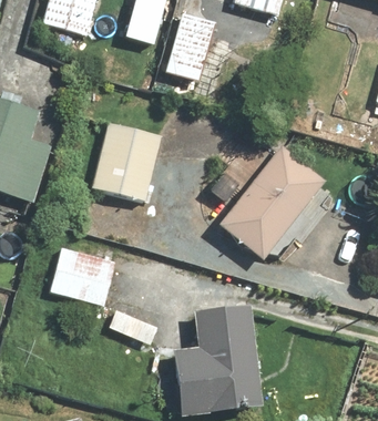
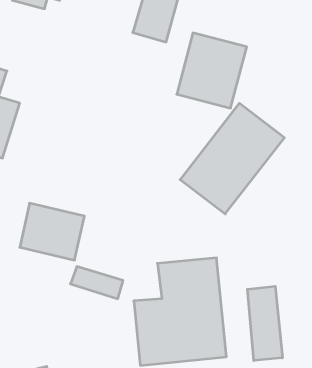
building: [92,124,164,202] -> [177,33,247,108]
building: none -> [247,286,282,361]

